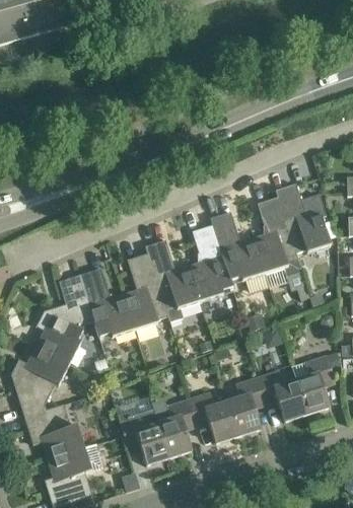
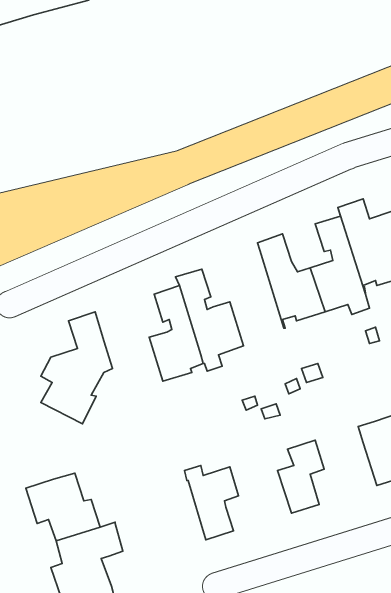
building: [188,225,231,302] -> none
building: [79,269,134,339] -> none
building: [10,348,69,417] -> none
building: [257,371,306,422] -> none
building: [188,392,237,444] -> none
building: [117,411,168,465] -> none

